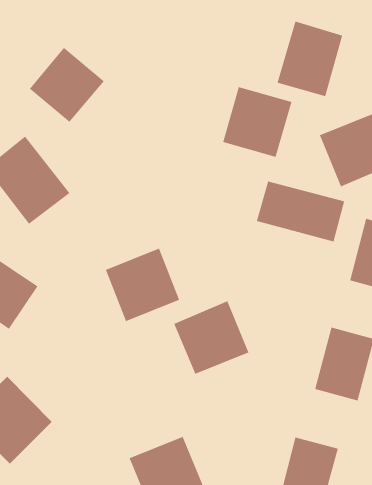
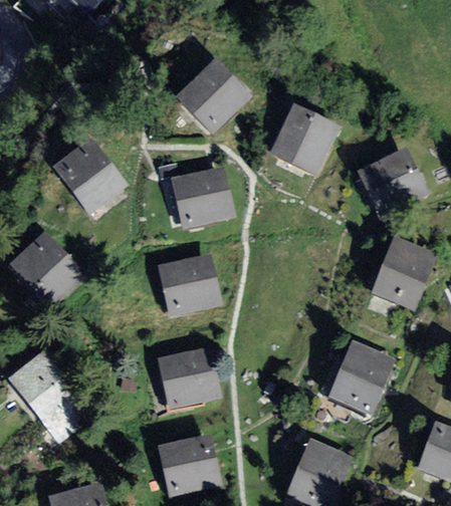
building: [277,21,343,97] -> none
building: [29,47,105,123] -> [177,61,247,132]
building: none -> [172,167,239,232]
building: [256,181,345,242] -> none
building: [173,300,249,375] -> [154,337,221,403]

